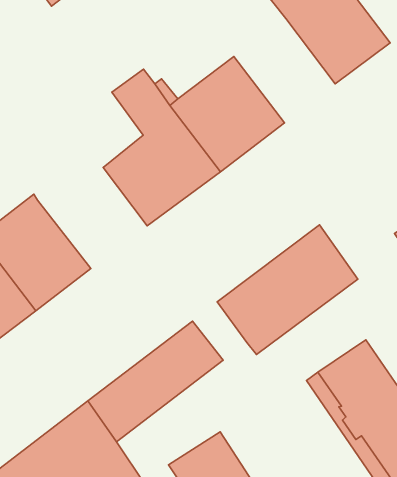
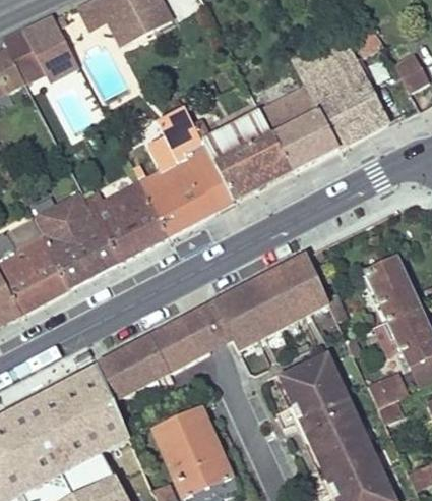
building: none -> [261,85,338,168]
building: none -> [84,179,169,259]
building: none -> [192,302,233,350]

